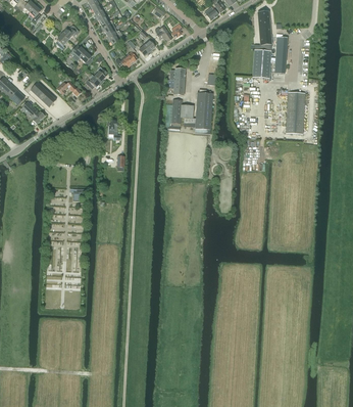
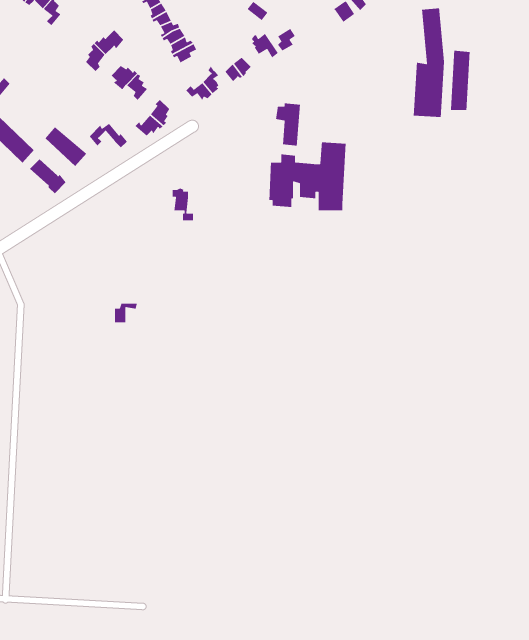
building: [286,91,305,133] -> none

